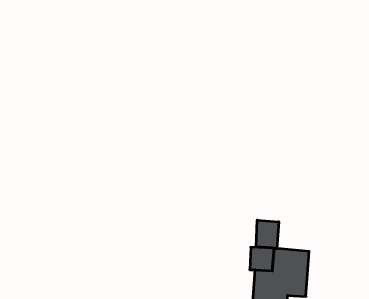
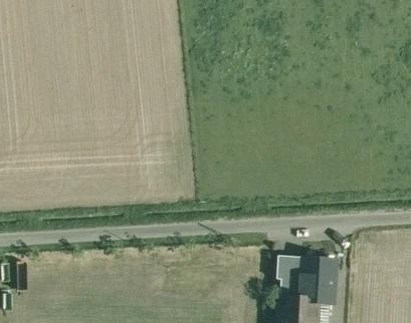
building: [256,220,279,249] -> none

